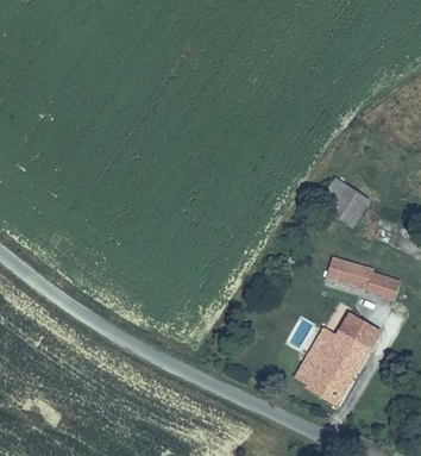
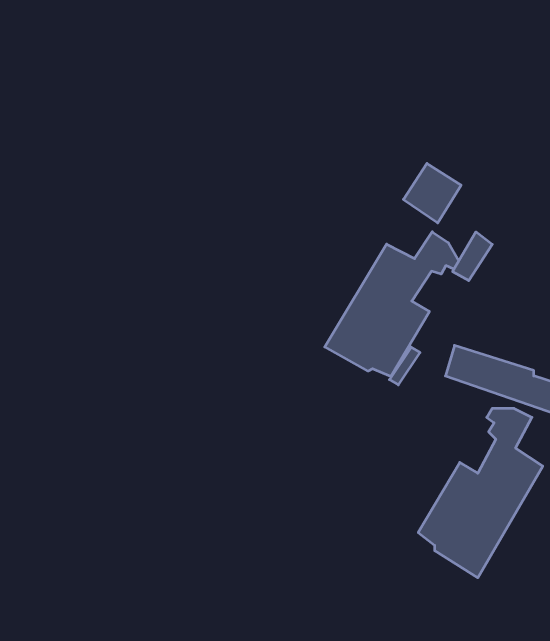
building: none -> [325,232,459,377]
building: [331,186,369,225] -> [403,163,461,223]

